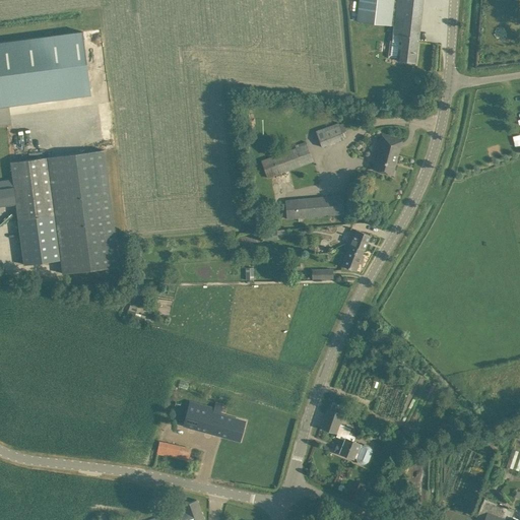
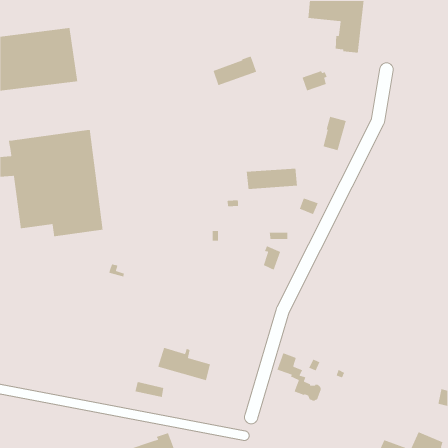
building: [315,123,345,147] -> [301,70,328,91]
building: [261,143,313,179] -> [212,55,257,86]
building: [341,243,363,272] -> [263,245,281,271]

